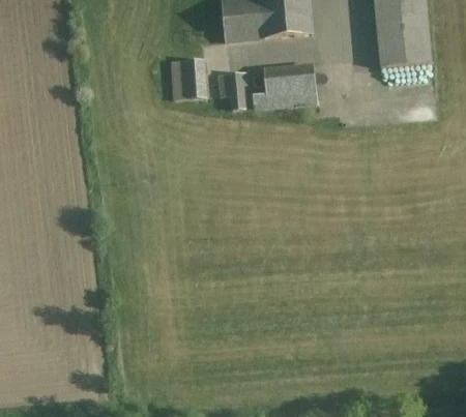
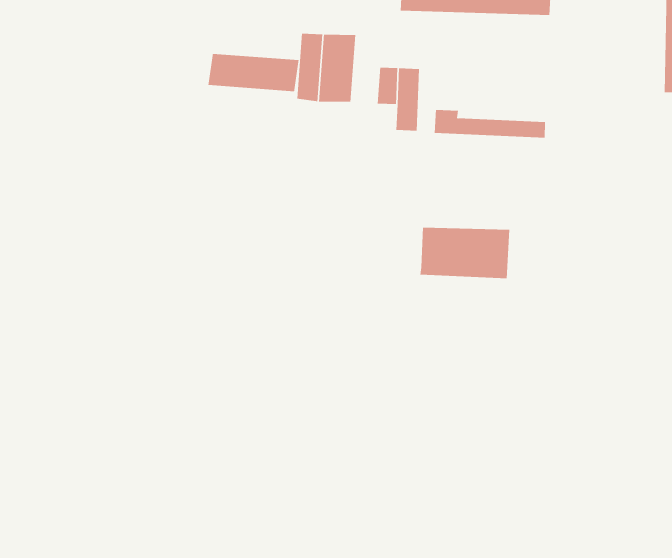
building: [264,65,316,97] -> [420,227,510,279]
building: none -> [208,53,299,92]

